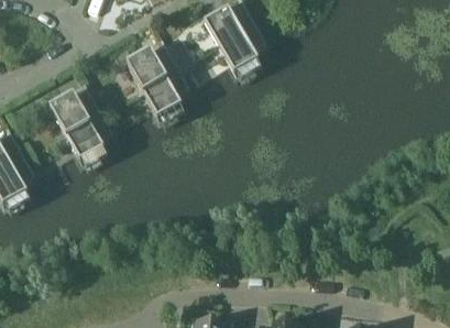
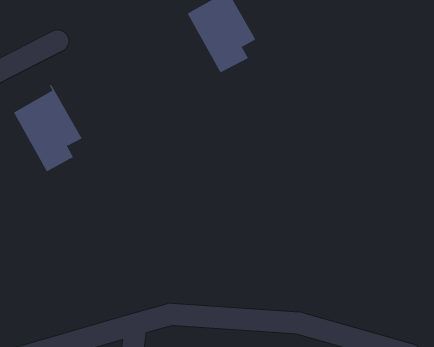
building: [127,41,188,119] -> none

